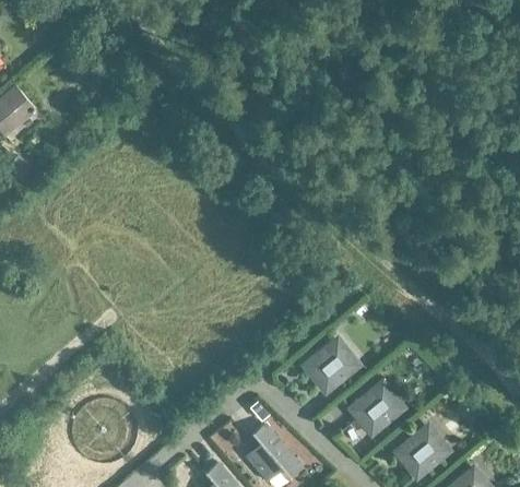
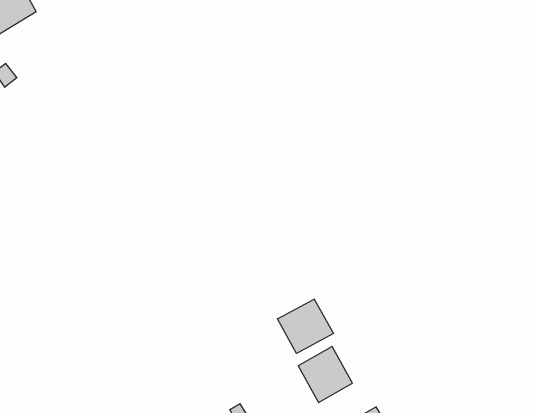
building: none -> [277,299,333,353]

